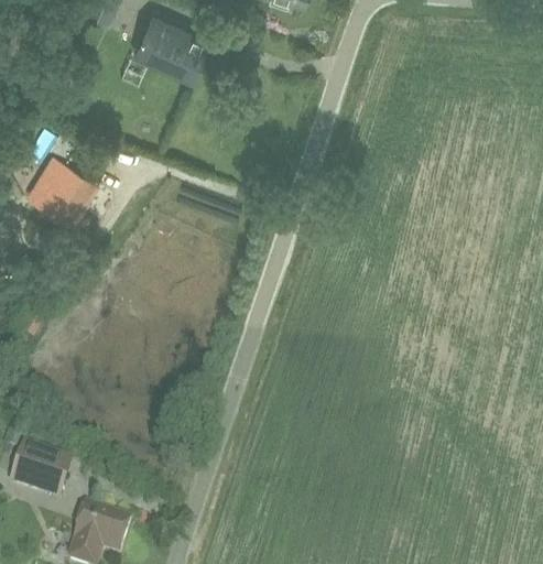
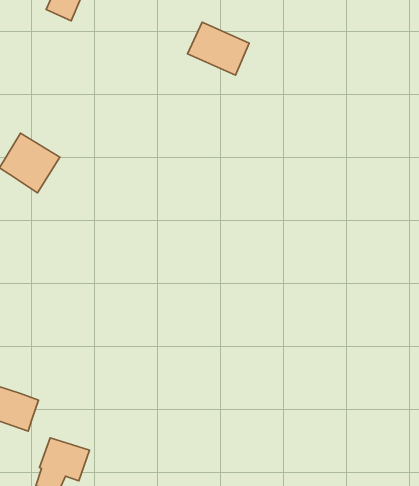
building: [134,14,205,75] -> [188,22,249,75]

